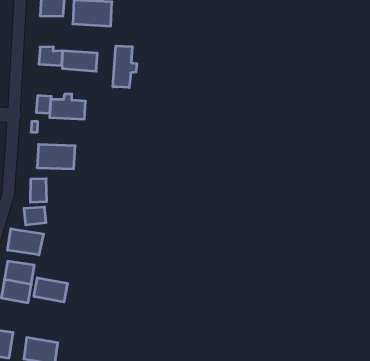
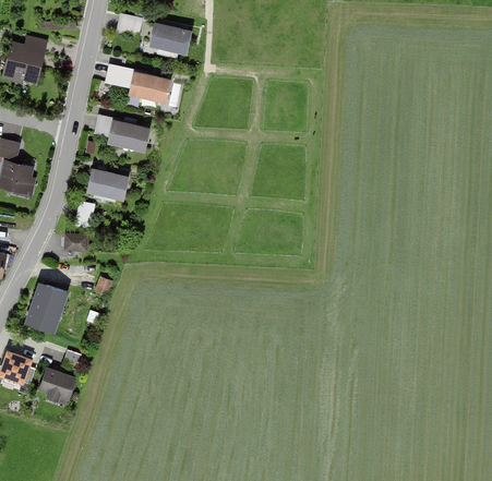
building: [113,46,137,88] -> none
building: [8,229,44,255] -> none
building: [34,278,67,302] -> none

